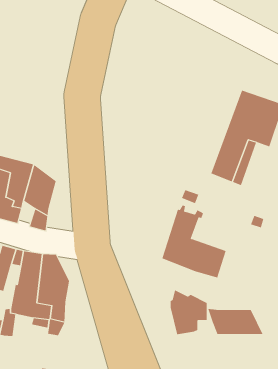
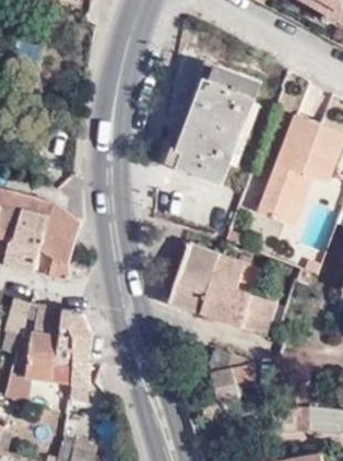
building: none -> [177,64,258,181]
building: none -> [169,238,217,311]
building: [208,308,263,335] -> none

